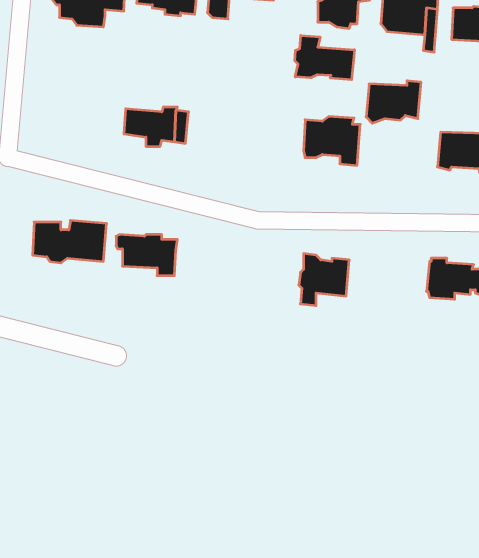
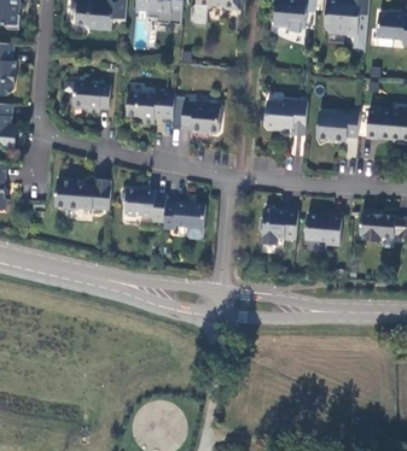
building: [295,35,354,80] -> none
building: [366,81,421,123] -> [316,110,359,142]
building: none -> [72,81,110,110]
building: none -> [182,101,221,134]
building: none -> [163,199,205,228]
building: none -> [304,210,341,242]

